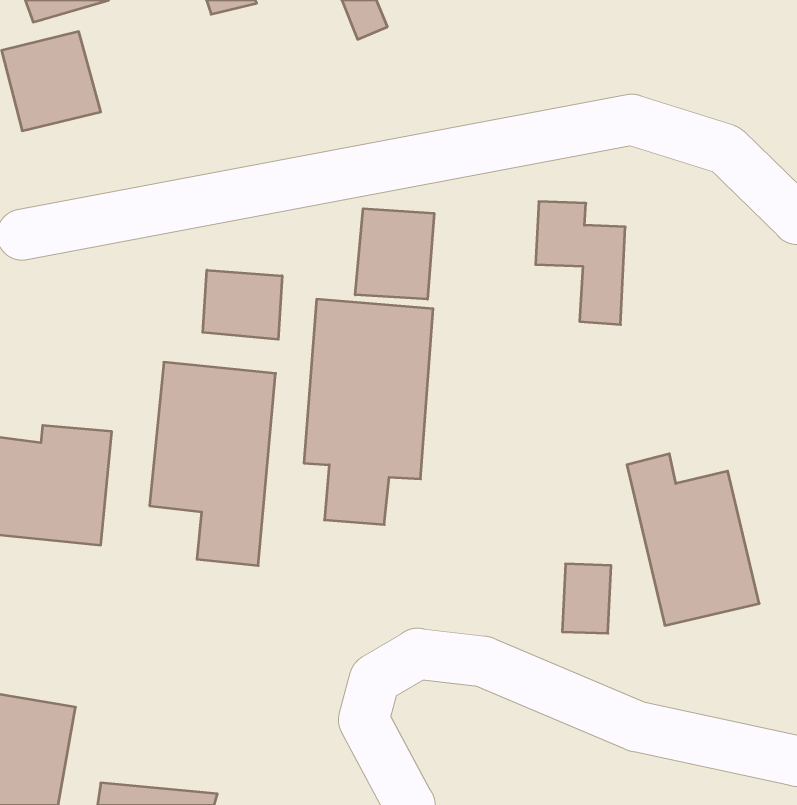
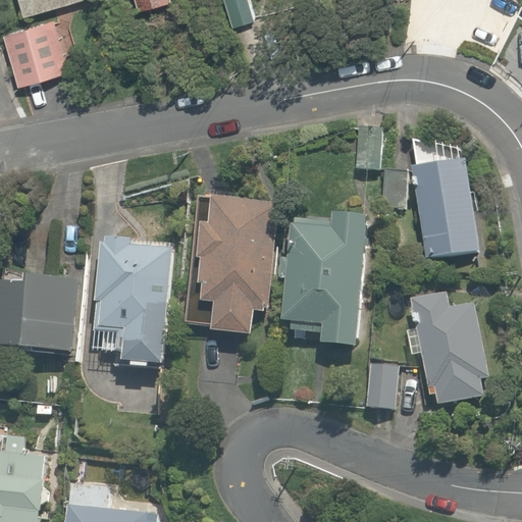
building: [355,209,434,299] -> none
building: none -> [411,140,474,256]
building: [203,270,282,339] -> none
building: none -> [278,215,367,347]

